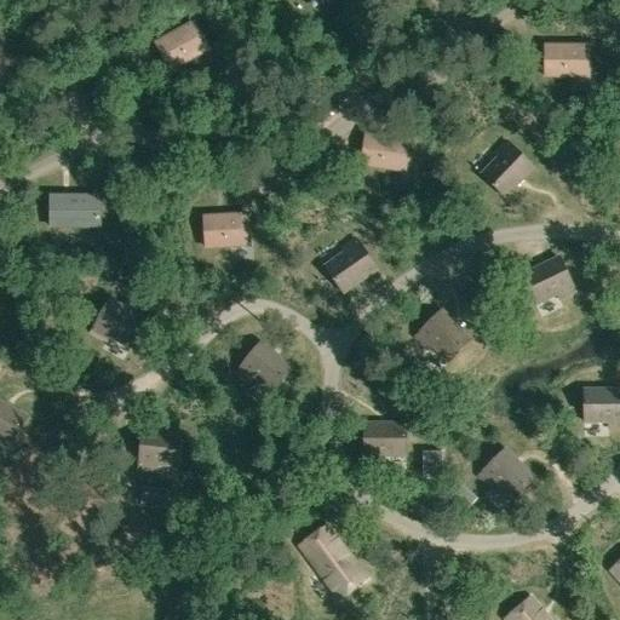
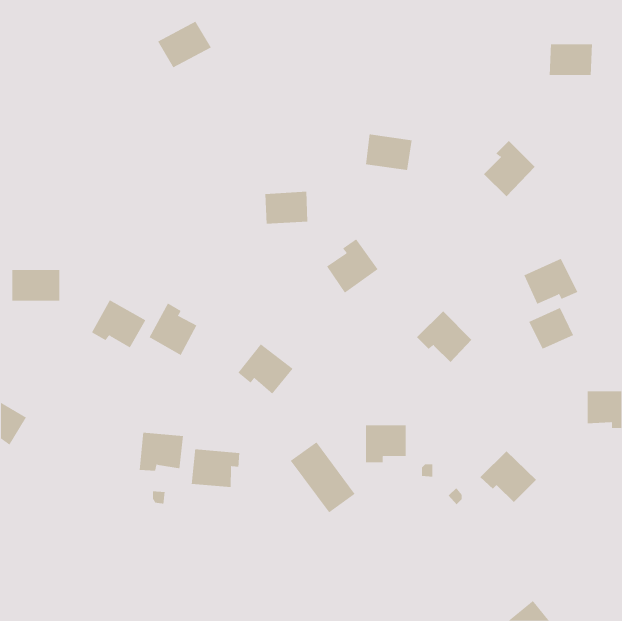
building: [51,195,99,226] -> [11,269,60,301]
building: [206,213,249,246] -> [264,191,308,224]
building: none -> [149,302,197,356]
building: none -> [529,307,574,350]
building: none -> [191,449,240,488]
building: [299,526,364,597] -> [290,441,356,513]

